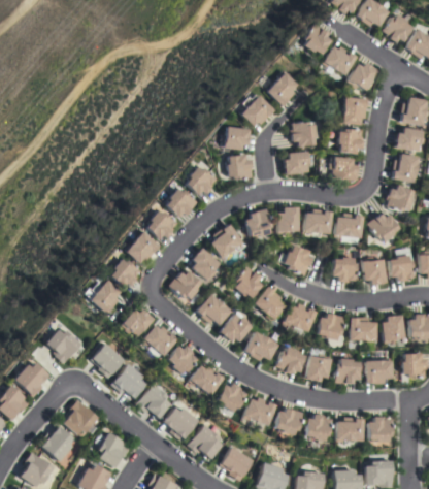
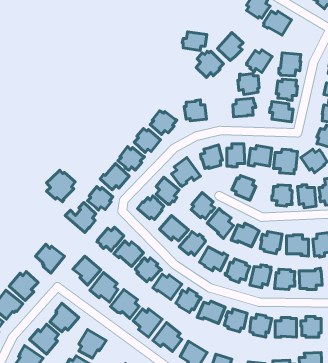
building: [346,63,377,91] -> [247,50,272,73]
building: [220,127,250,150] -> [182,32,207,51]
building: none -> [46,170,75,202]

